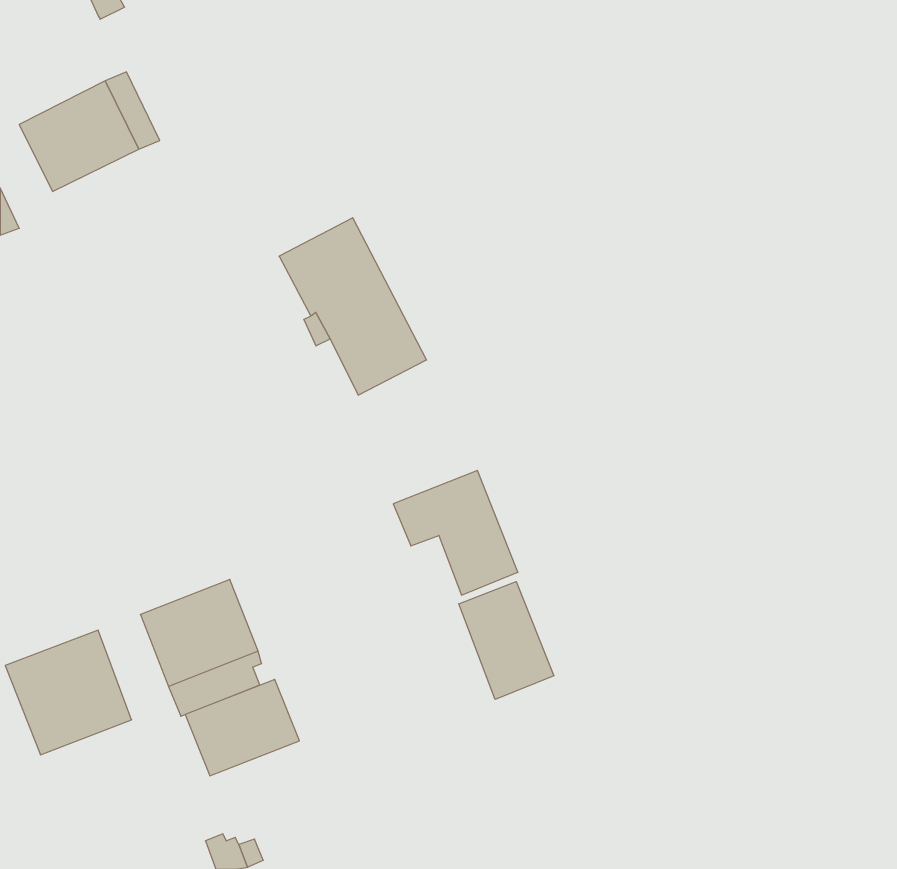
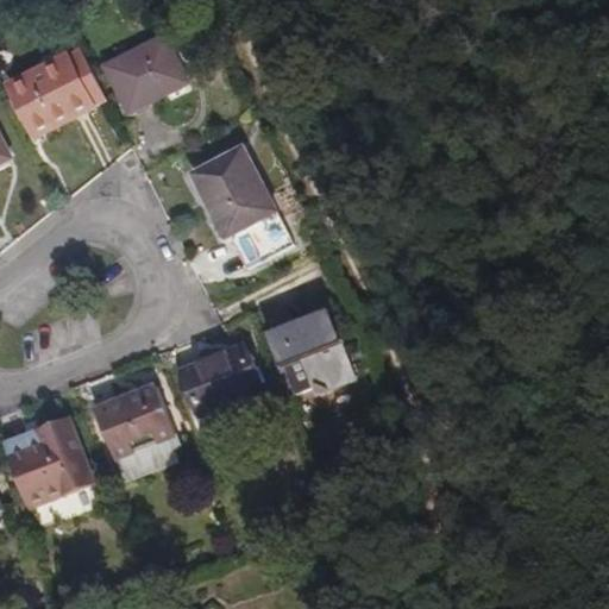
building: none -> [108,33,189,107]
building: [459,582,554,699] -> none
building: [185,679,299,776] -> [180,353,257,419]

